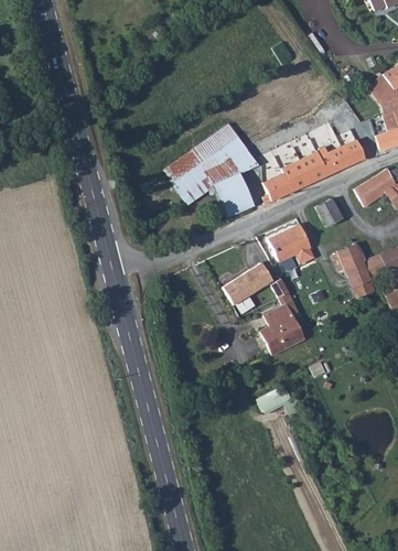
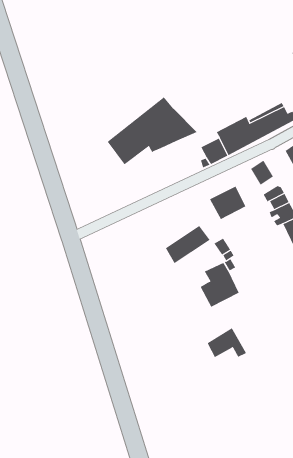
building: [213,173,252,217] -> none

